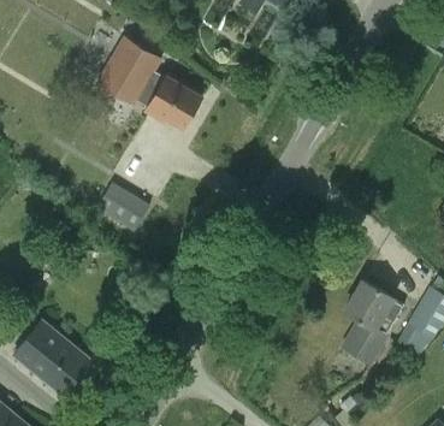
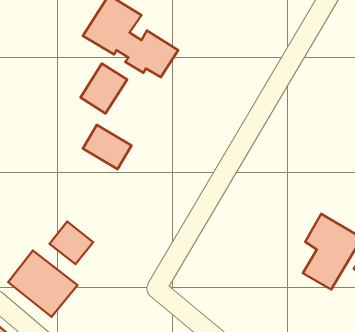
building: none -> [80,63,127,113]
building: none -> [50,222,93,264]

